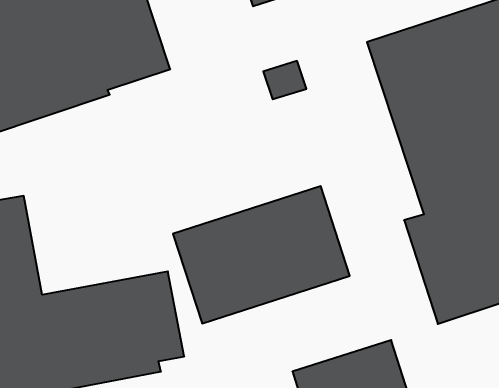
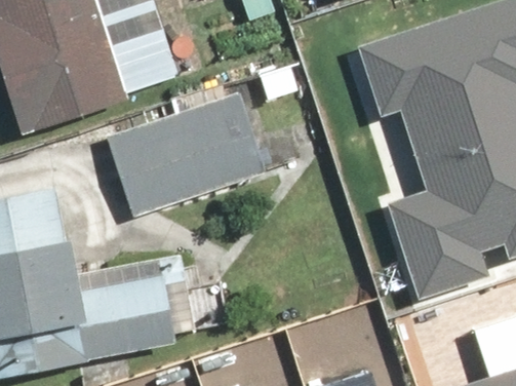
building: [173,186,350,323] -> [108,93,264,215]

